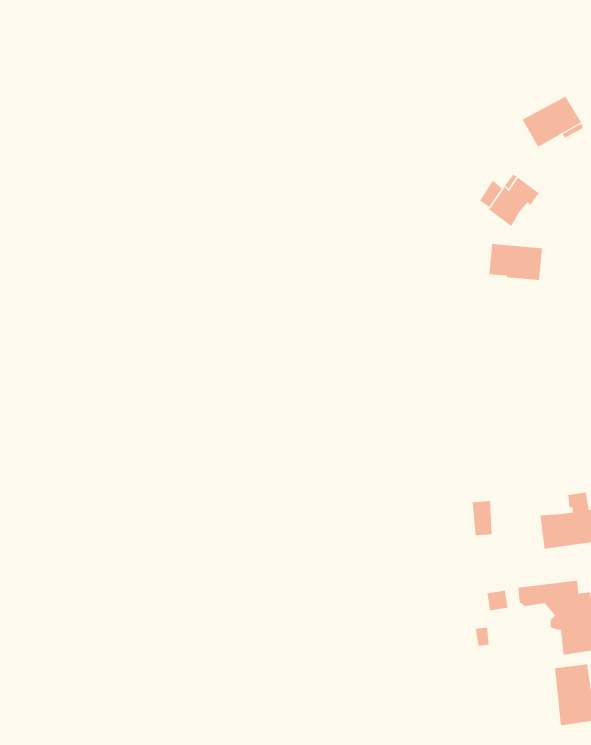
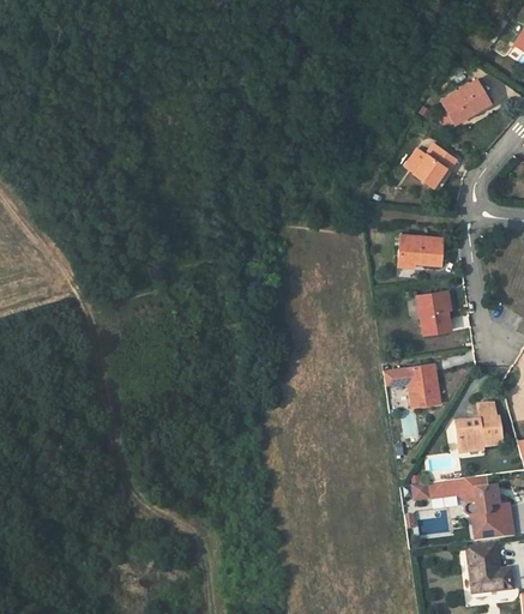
building: [488,244,543,280] -> [398,235,442,265]
building: none -> [418,293,451,335]
building: none -> [385,365,441,409]

